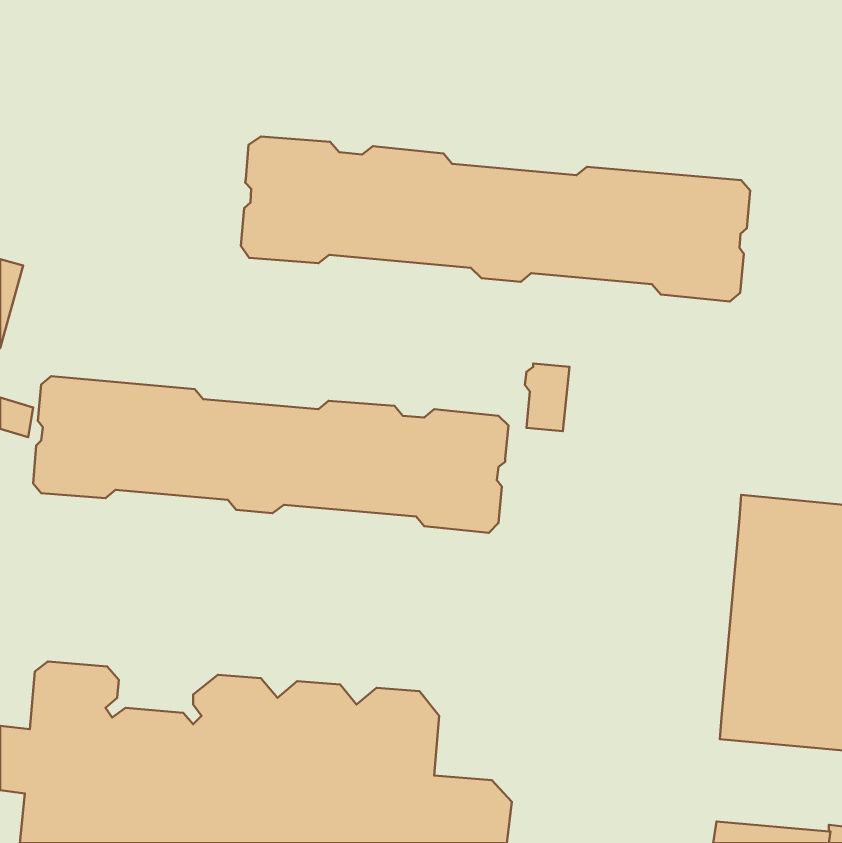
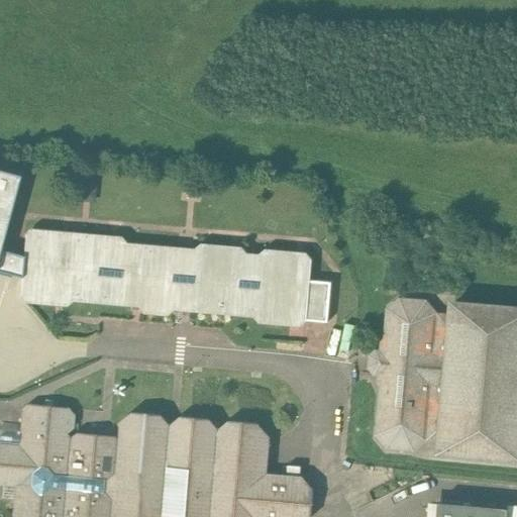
building: [241,137,750,301] -> none
building: [525,363,570,431] -> [305,281,332,322]
building: none -> [373,300,453,449]

